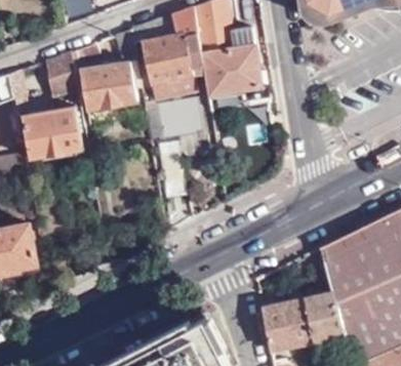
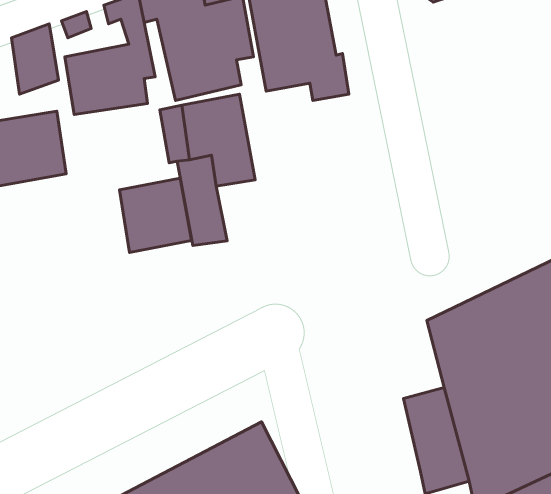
building: none -> [119,178,192,252]
building: [262,297,315,355] -> none

